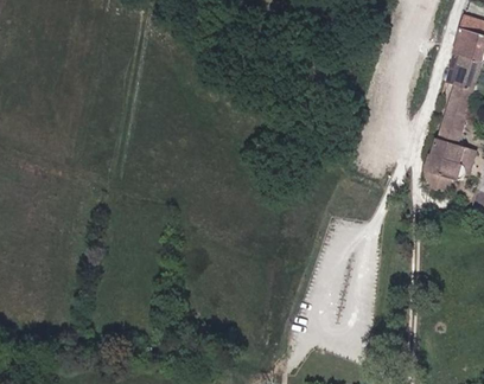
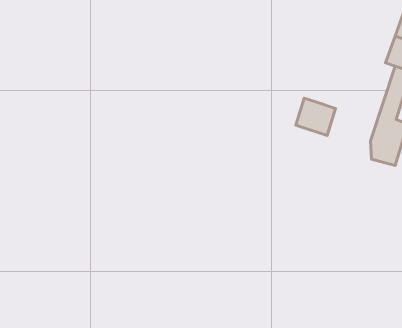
building: none -> [296,98,335,136]

